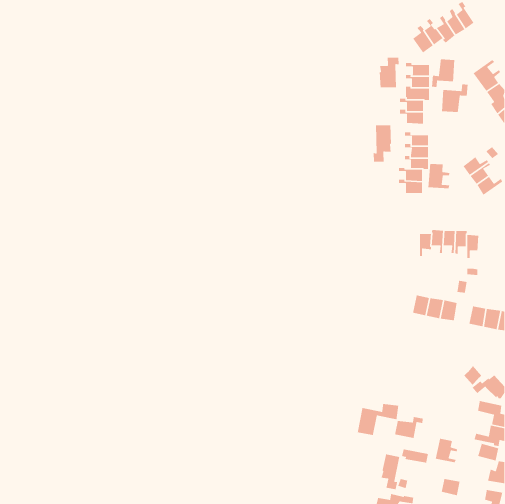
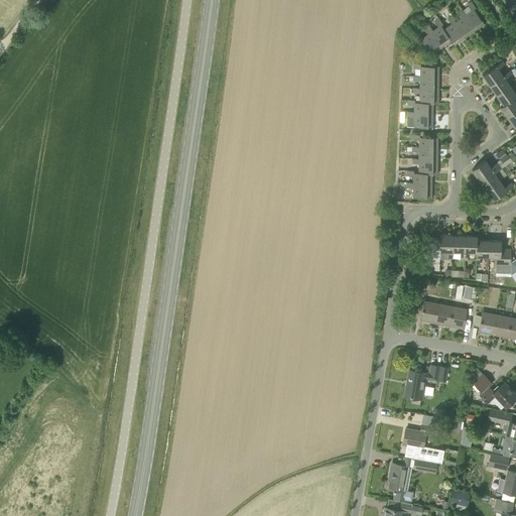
building: [379,57,400,88] -> none
building: [431,59,455,88] -> none
building: [441,84,468,113] -> none
building: [373,124,392,162] -> none
building: [428,163,450,189] -> none
building: none -> [488,241,511,266]
building: [357,403,399,436] -> [404,366,447,399]
building: [435,438,458,463] -> none

